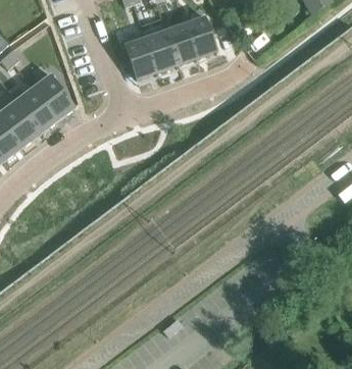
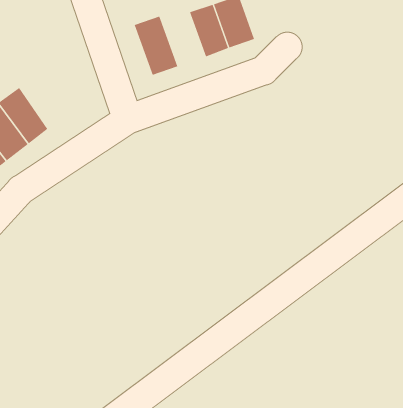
building: [142,25,178,72] -> none
building: [32,76,74,121] -> none

